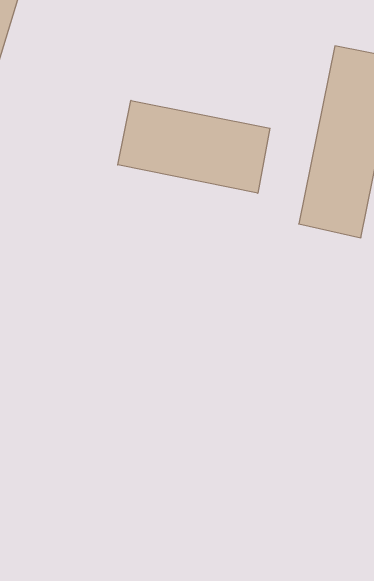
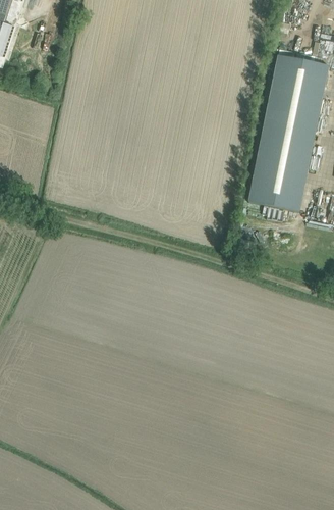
building: [118,100,270,193] -> none

